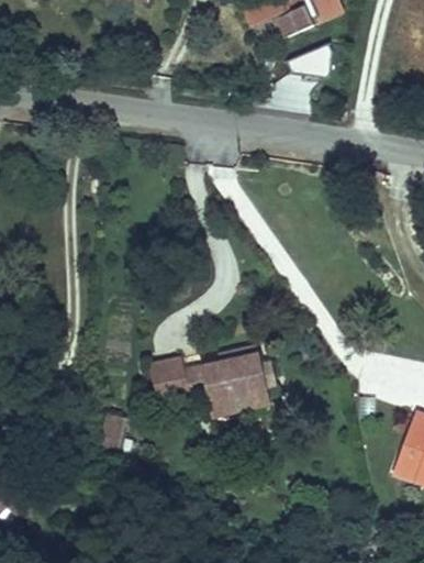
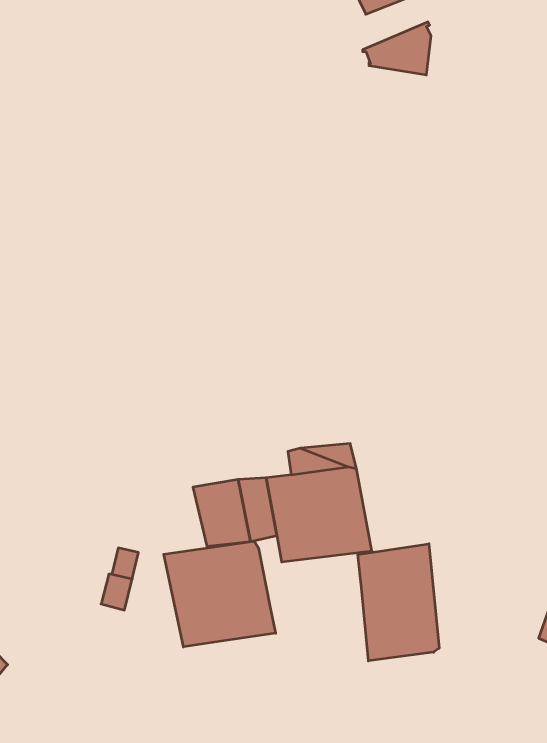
building: none -> [164,541,276,647]
building: none -> [358,544,439,661]

